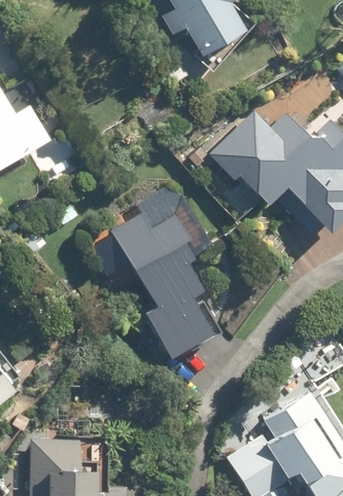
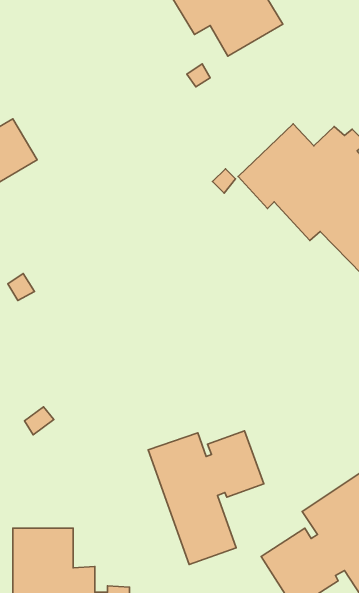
building: [115,215,212,358] -> none
building: none -> [148,431,264,564]

